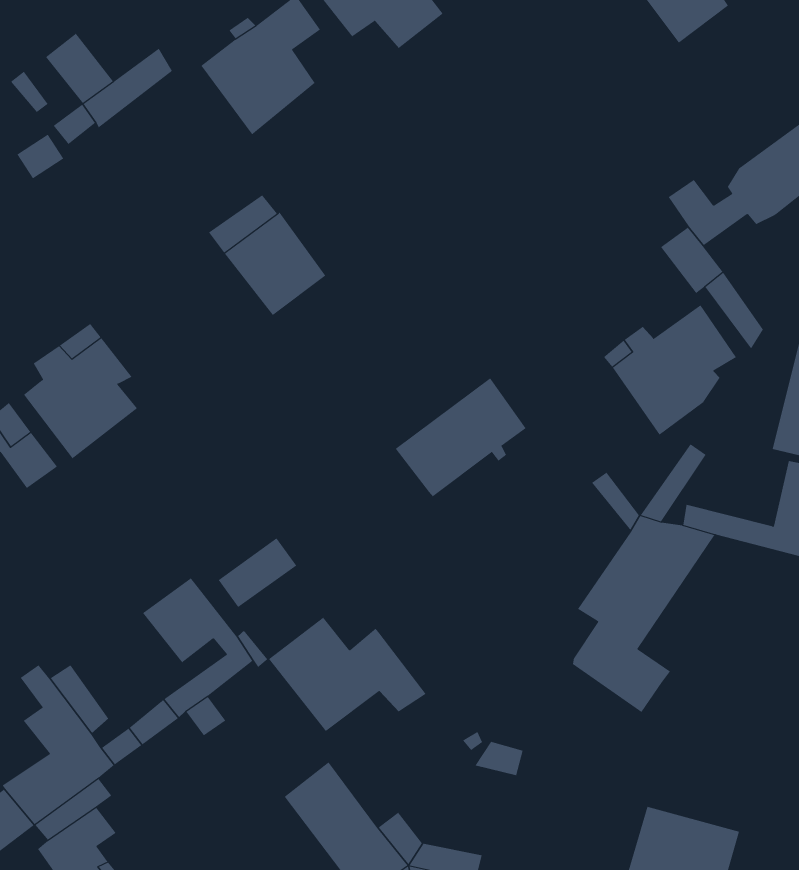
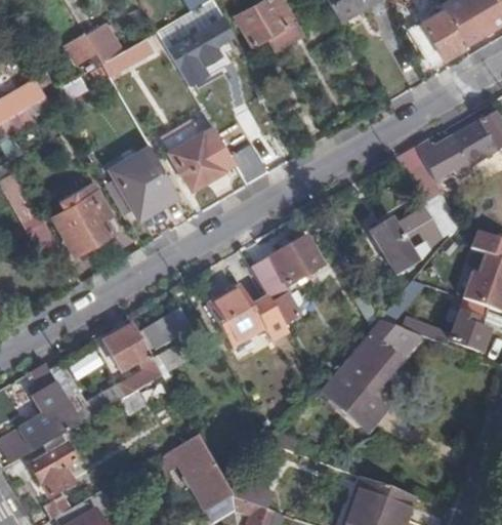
building: none -> [112,147,176,213]
building: [268,617,427,732] -> [205,285,289,348]

